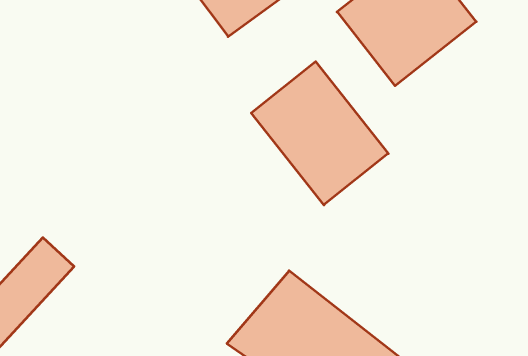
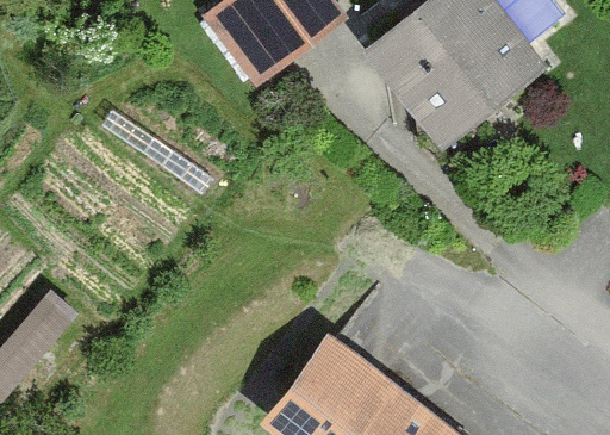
building: [251,62,388,205] -> none

